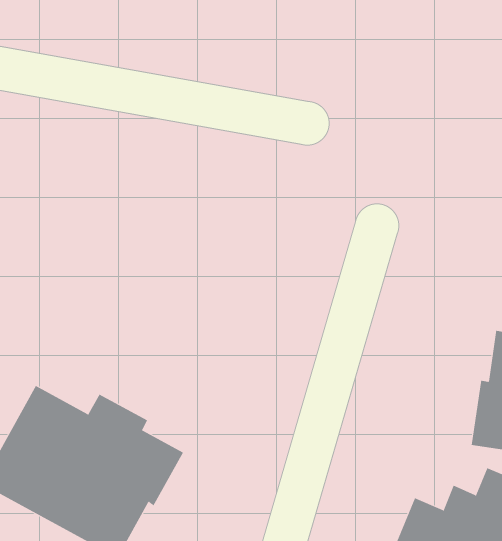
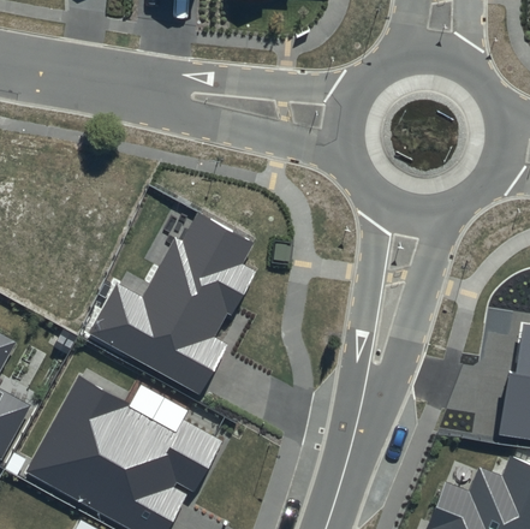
building: none -> [89,210,255,393]

